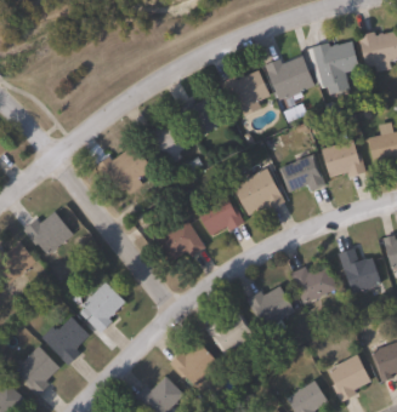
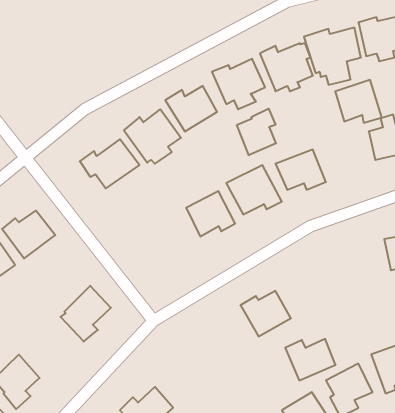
building: none -> [237,109,276,155]
building: [323,138,367,178] -> [335,80,382,123]
building: [157,219,206,261] -> none
building: [338,247,381,292] -> none
building: [290,265,338,304] -> [285,339,336,380]
building: [205,313,255,356] -> none
building: [42,316,91,366] -> none
building: [170,343,219,389] -> none

